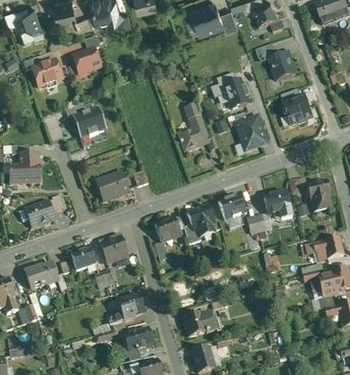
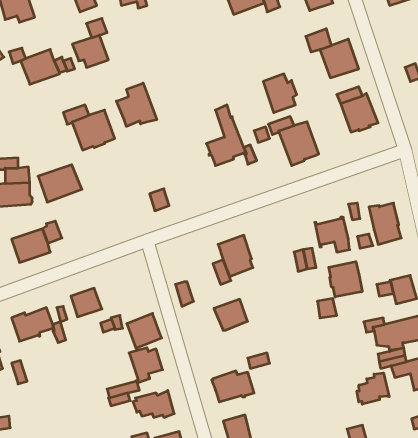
building: none -> [116,83,157,126]
building: [96,172,130,201] -> [38,165,82,202]
building: [218,194,245,221] -> none
building: [154,218,180,243] -> [214,299,248,330]
building: none -> [329,262,362,297]
building: [100,237,127,264] -> [127,313,162,348]
building: none -> [357,373,389,404]

